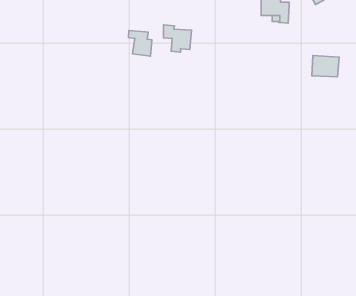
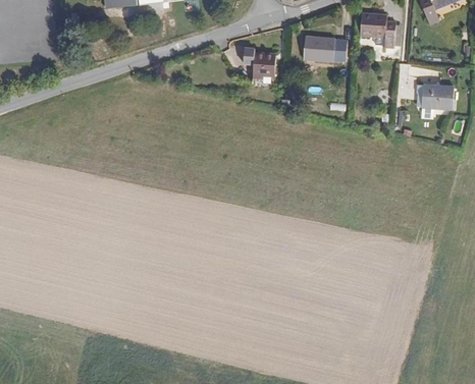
building: none -> [302,36,346,63]
building: [129,30,152,56] -> none

